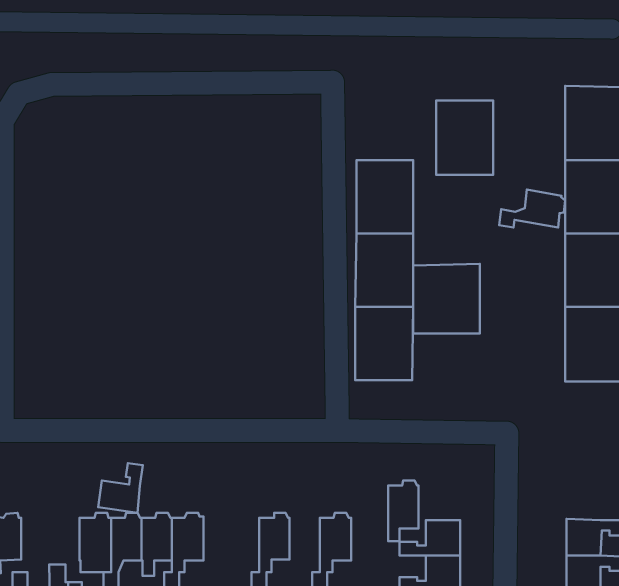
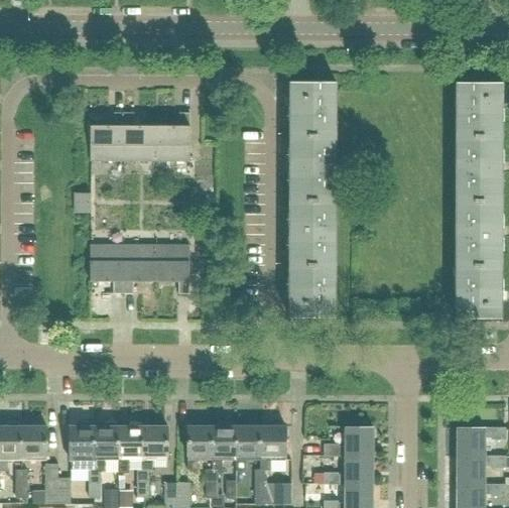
building: [436,100,493,175] -> [290,82,336,141]
building: none -> [76,113,190,294]
building: [499,190,565,228] -> none
building: [413,264,480,333] -> none
building: [98,463,143,513] -> none
building: [388,481,418,541] -> [237,422,261,471]
building: none -> [23,422,48,460]
building: none -> [187,422,213,470]

